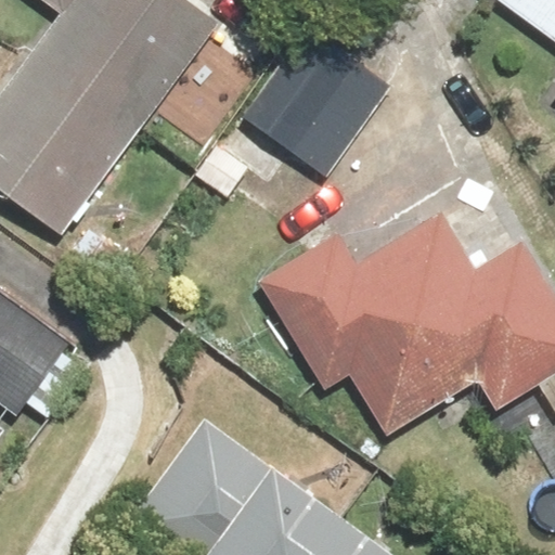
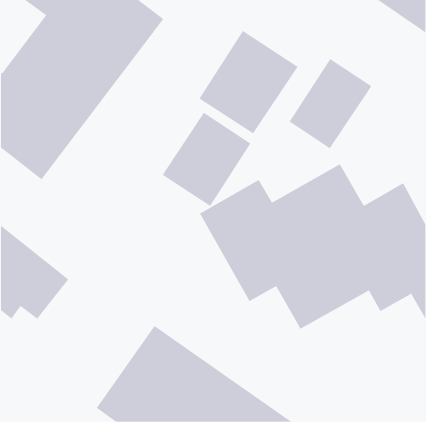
building: none -> [289,58,372,149]
building: none -> [162,112,251,207]

